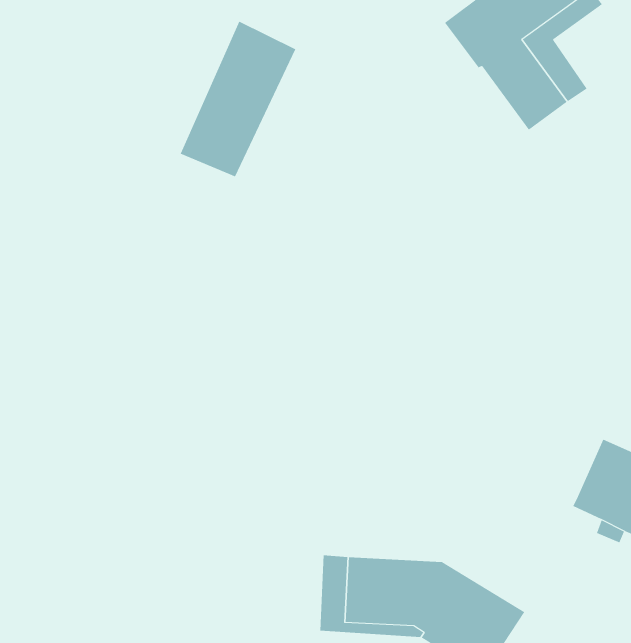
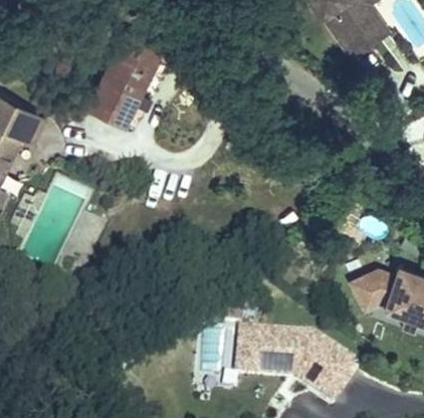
building: [180,21,296,177] -> [92,36,162,130]
building: none -> [356,264,400,303]

